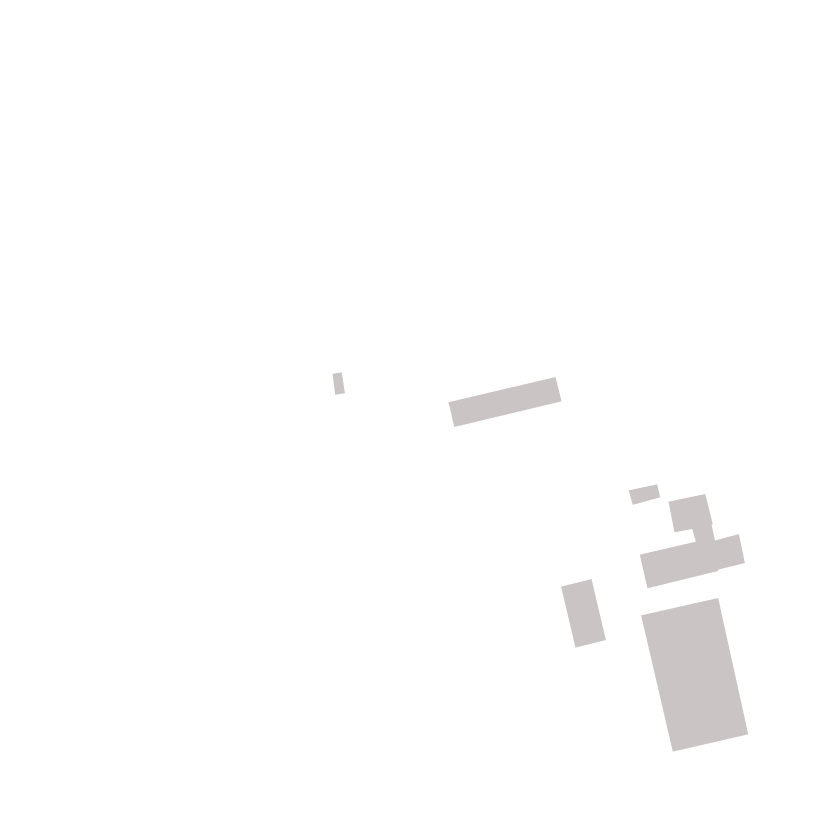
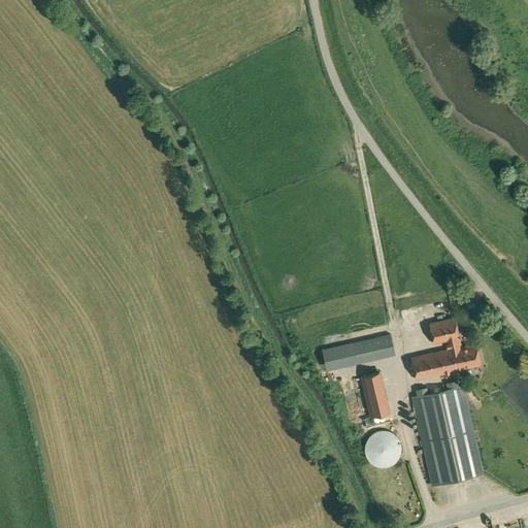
building: [447,376,562,428] -> [321,335,395,368]
building: none -> [365,432,401,468]

